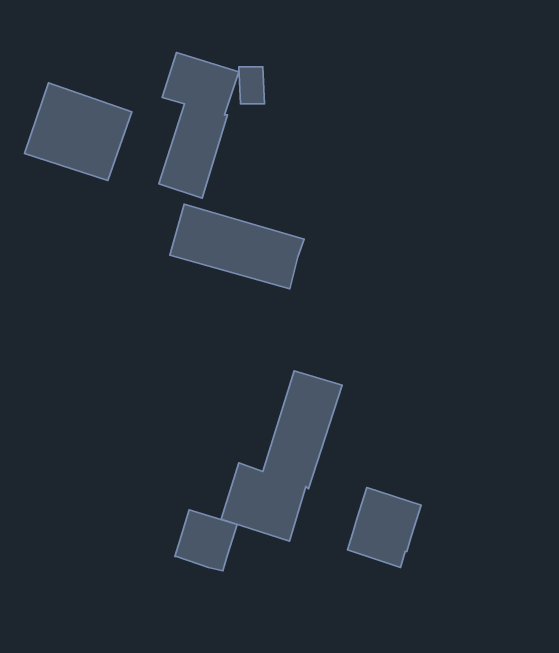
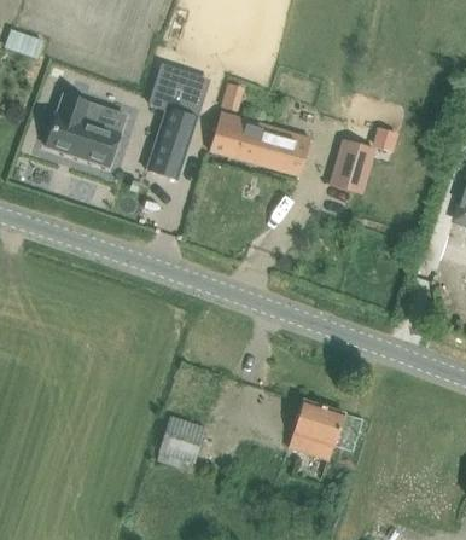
building: none -> [328,143,374,192]
building: [170,204,304,289] -> [209,111,310,175]
building: [221,371,342,541] -> none

